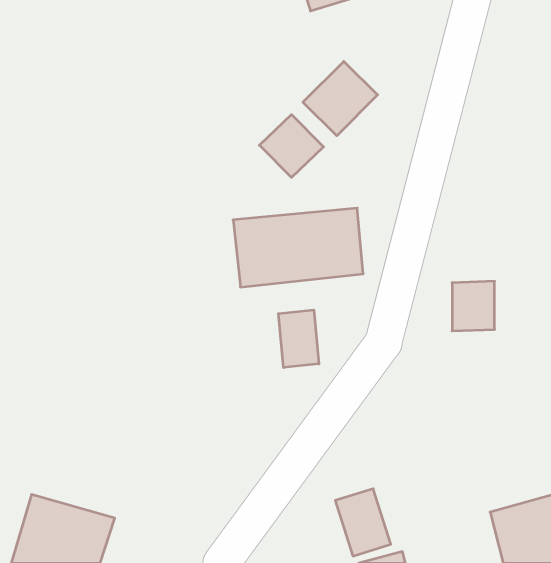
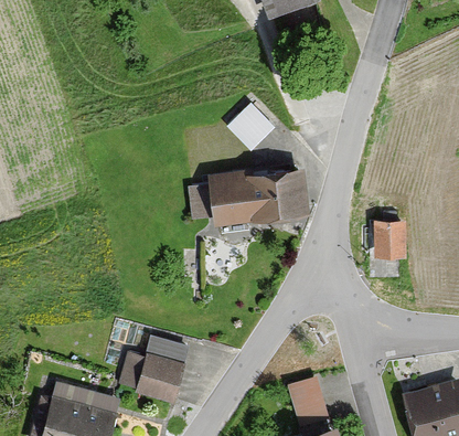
building: [303,61,378,136] -> none
building: [278,310,319,368] -> none
building: none -> [121,341,188,404]

